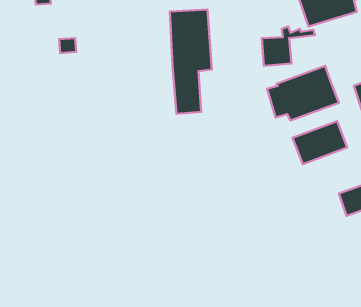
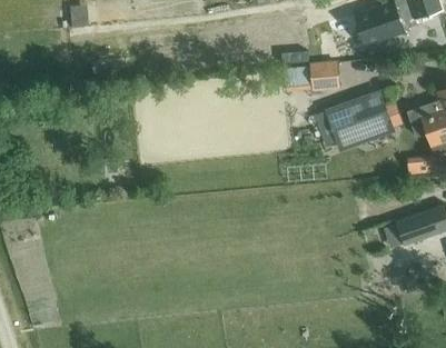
building: [170,10,212,114] -> none
building: [293,121,347,164] -> none

